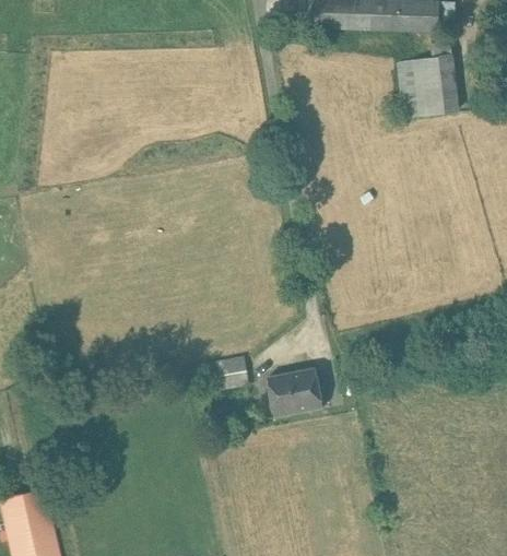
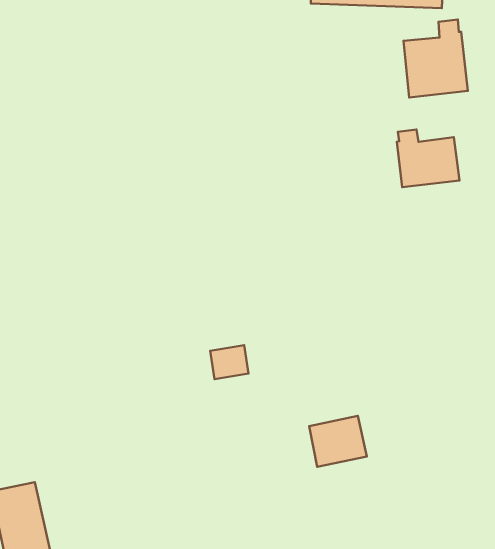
building: none -> [397,130,460,187]
building: [268,367,323,416] -> [309,416,367,467]

